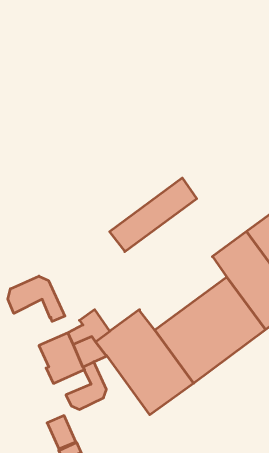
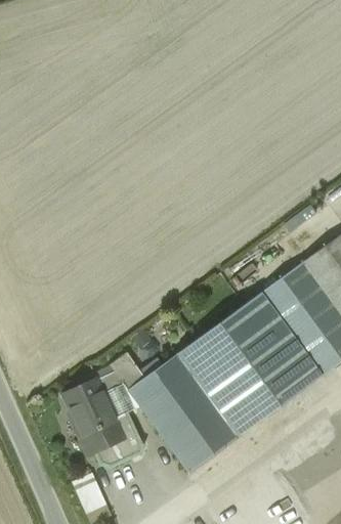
building: [110,178,197,252] -> [178,293,278,377]
building: [8,276,65,321] -> none
building: none -> [81,422,123,453]

